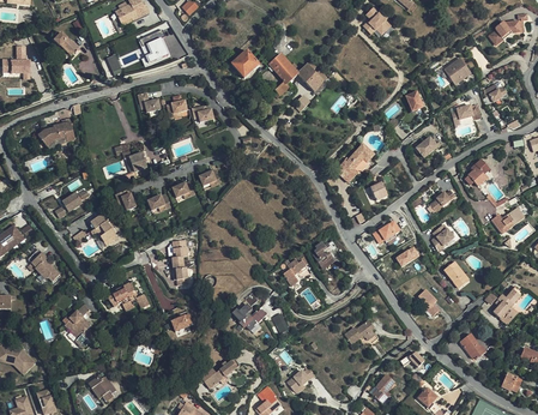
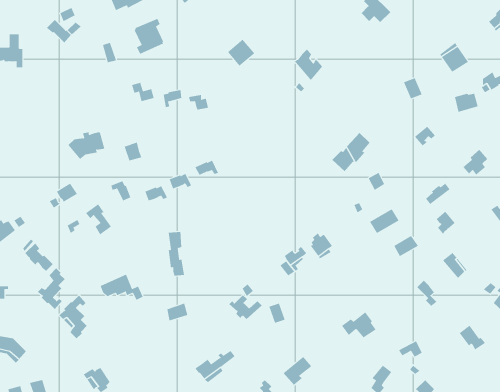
building: [268,54,301,96] -> none
building: [38,122,75,150] -> [68,132,105,160]
building: none -> [37,268,65,310]

